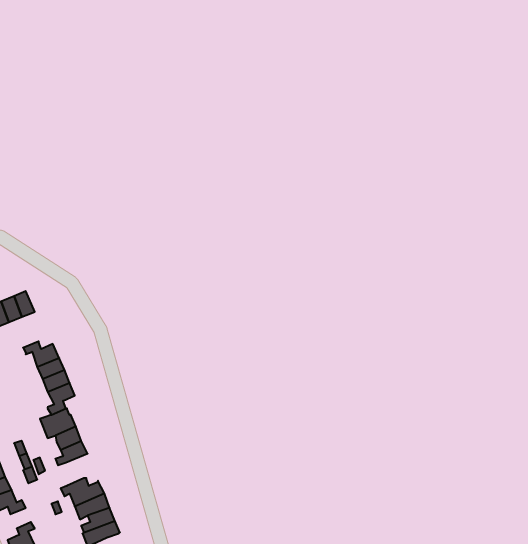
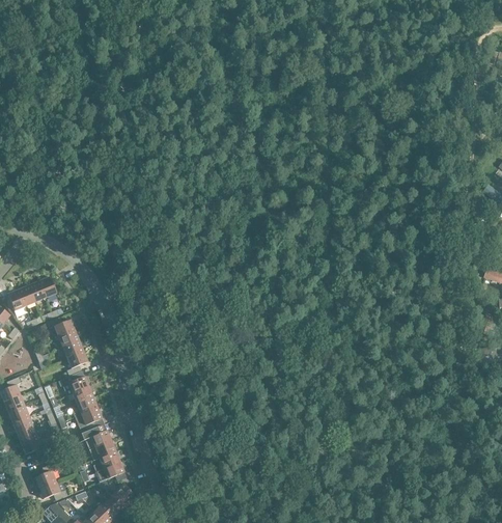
building: none -> [76,407,104,433]

